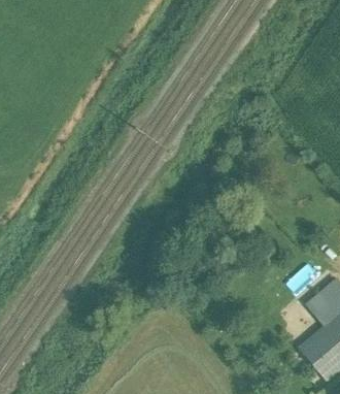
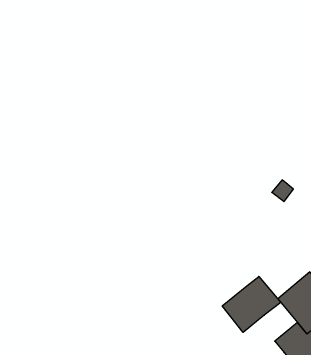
building: none -> [222,276,281,332]

